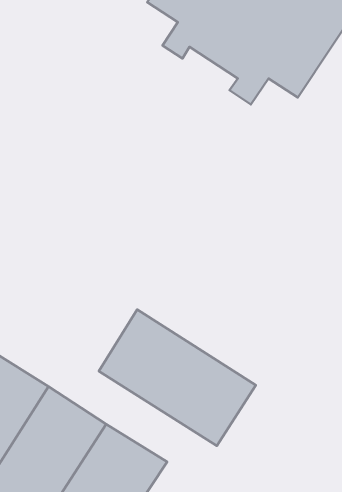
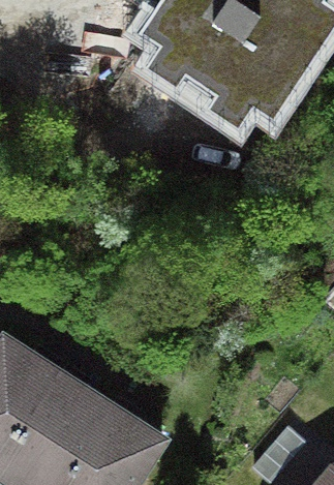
building: [99,309,256,446] -> none

